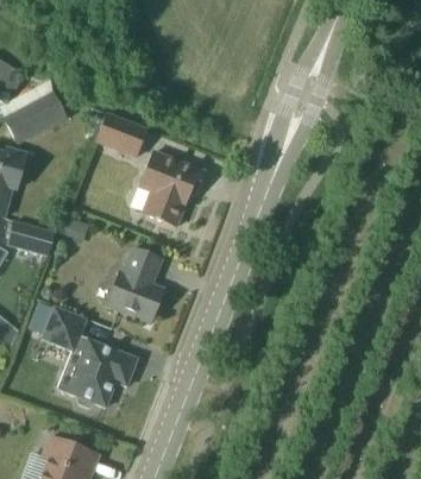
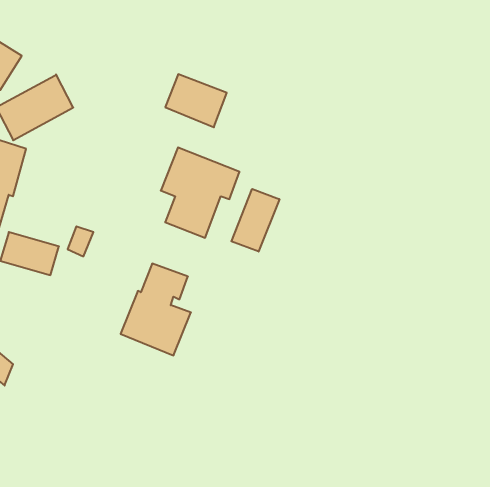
building: [95,112,146,156] -> [165,74,227,127]
building: none -> [231,189,279,252]
building: [42,305,137,405] -> none

